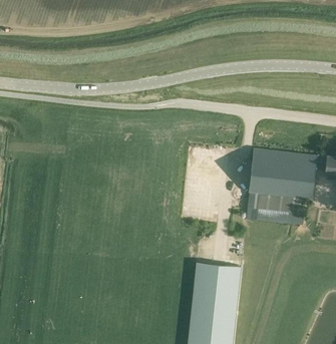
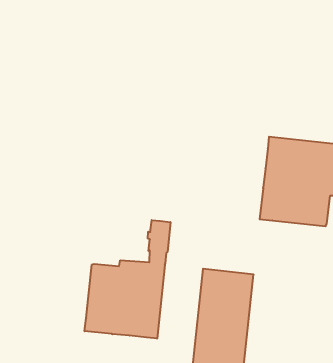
building: none -> [85,220,170,339]

